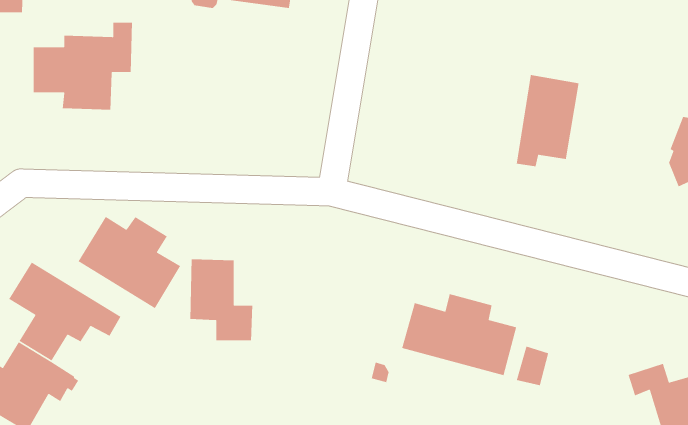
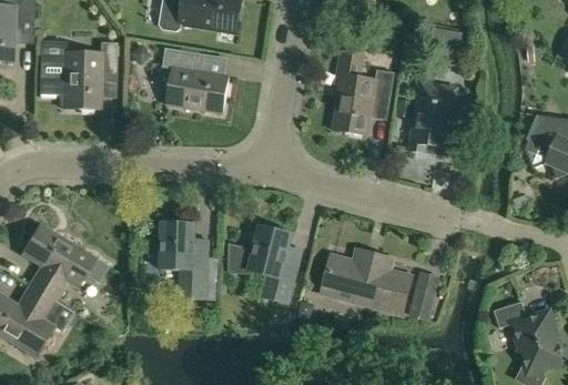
building: none -> [162,45,229,113]
building: none -> [332,51,394,134]
building: [77,216,181,309] -> none
building: none -> [229,224,297,303]

